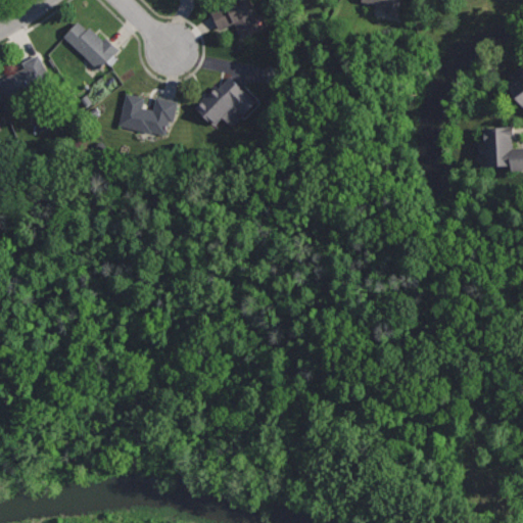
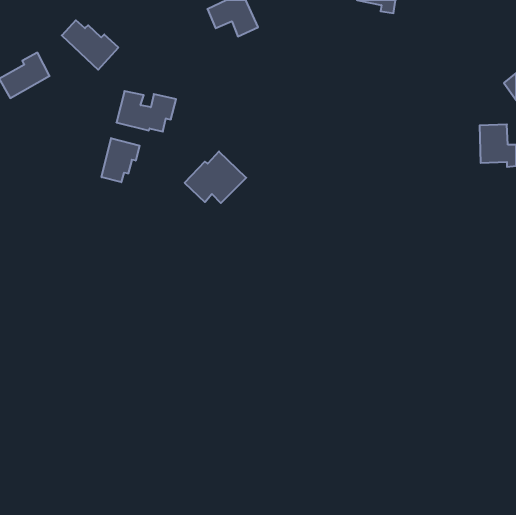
building: [194,76,256,128] -> [185,151,246,203]
building: none -> [102,138,140,182]

